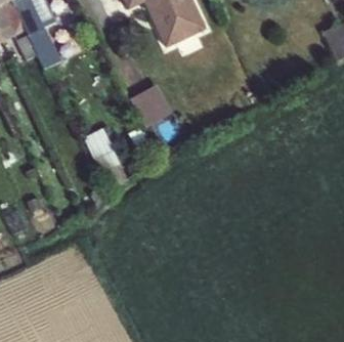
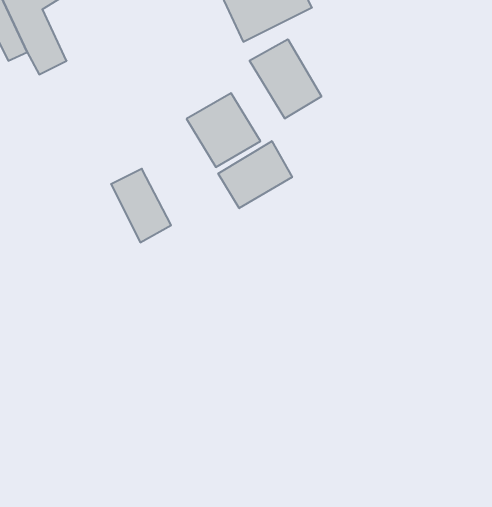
building: none -> [250,39,321,119]
building: none -> [218,141,292,208]

